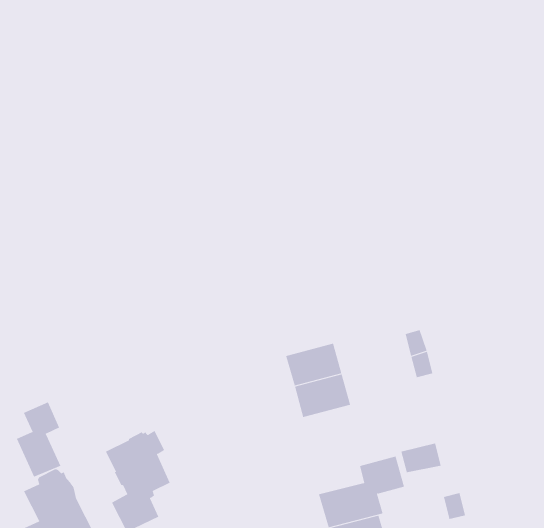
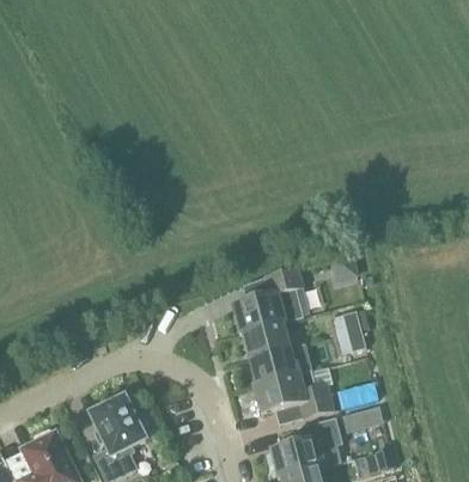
building: none -> [231,269,303,334]
building: none -> [252,371,334,419]
building: [16,402,61,478] -> none

